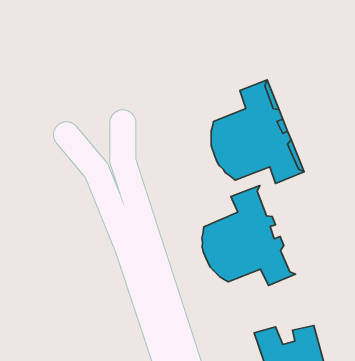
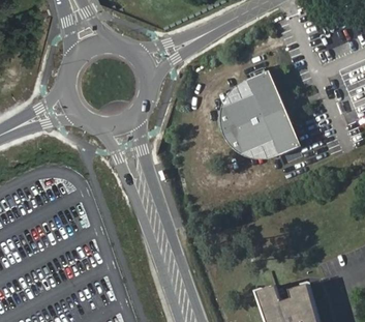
building: [202,185,296,286] -> none

